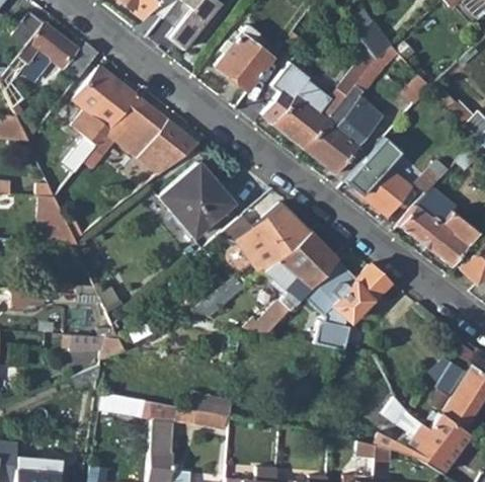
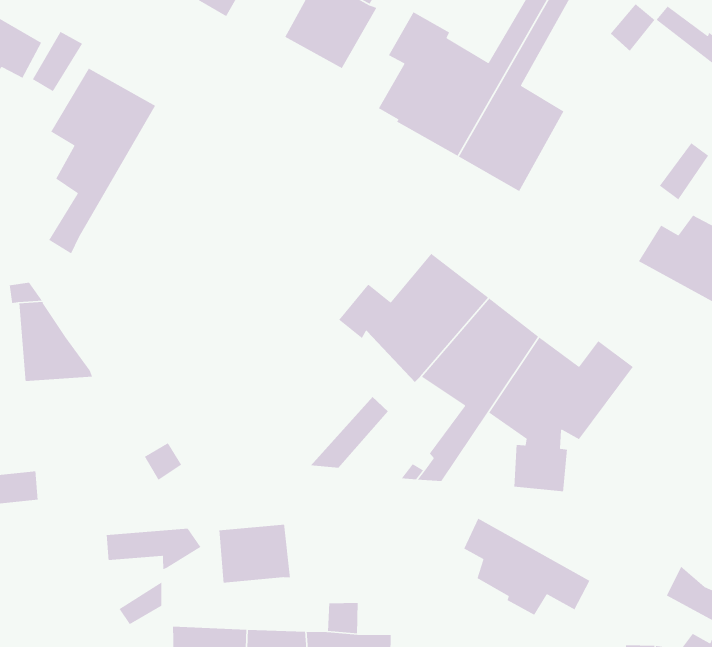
building: [82,94,199,175] -> none
building: [347,135,413,216] -> none
building: [160,164,233,237] -> none
building: none -> [218,524,291,584]
building: none -> [463,517,591,616]

